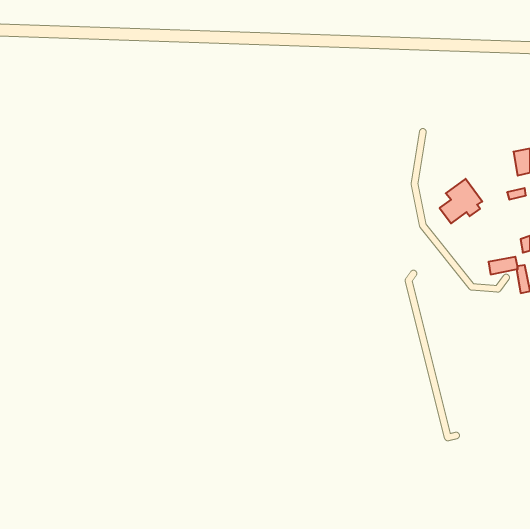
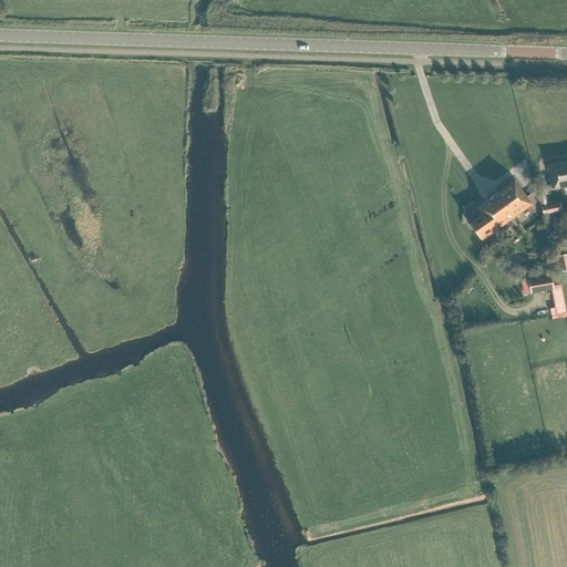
building: none -> [496,178,530,215]

